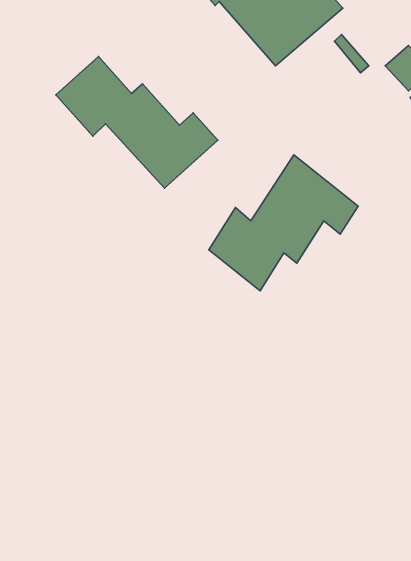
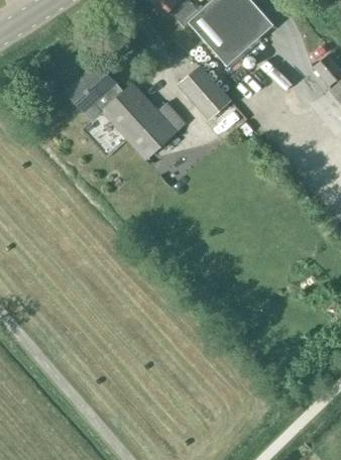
building: none -> [176,64,230,119]
building: [209,155,358,291] -> none

